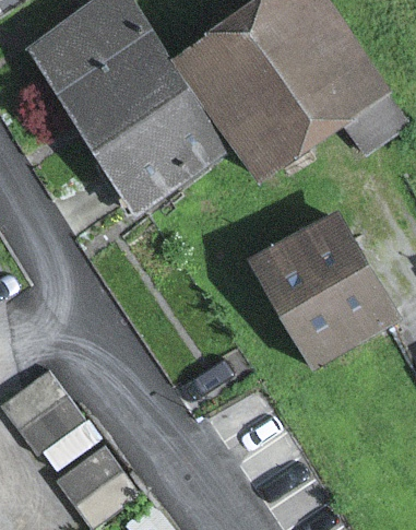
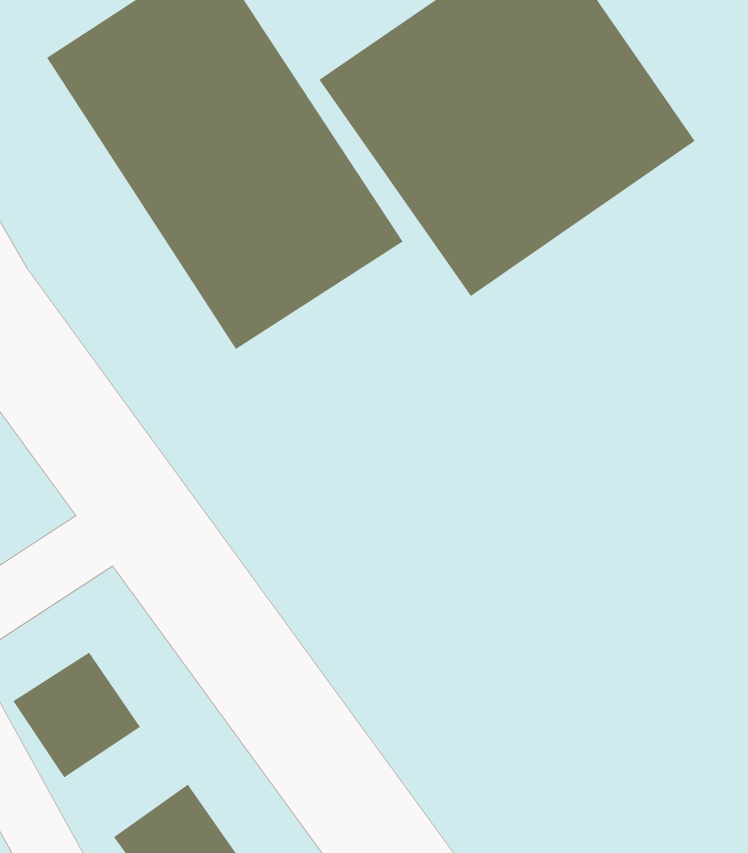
building: [249,212,397,364] -> none

